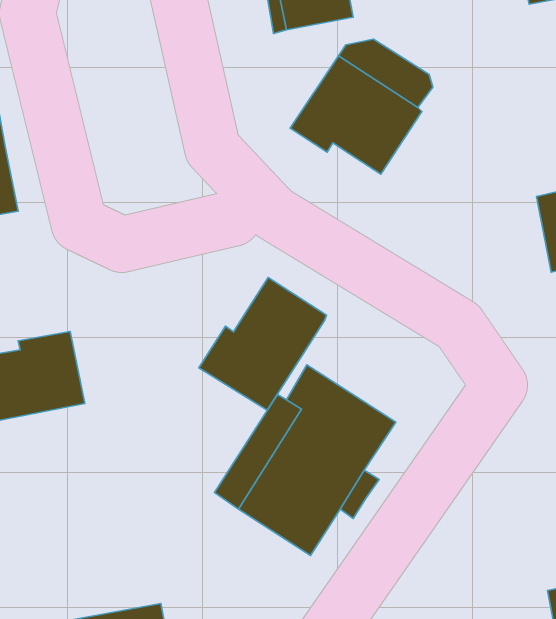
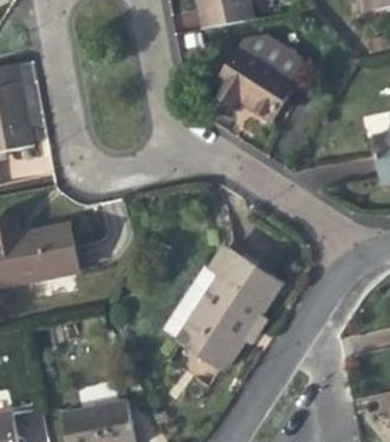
building: [199,278,327,410] -> none

